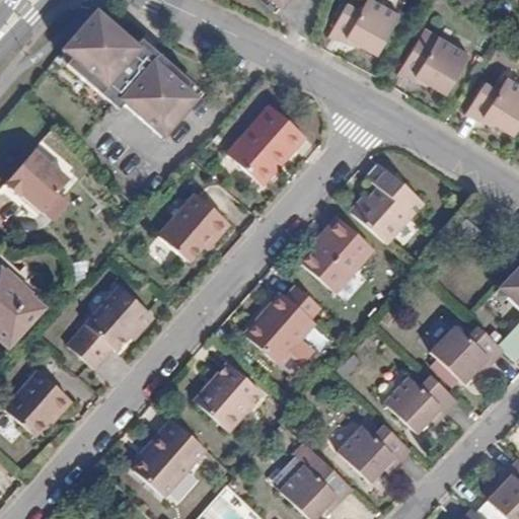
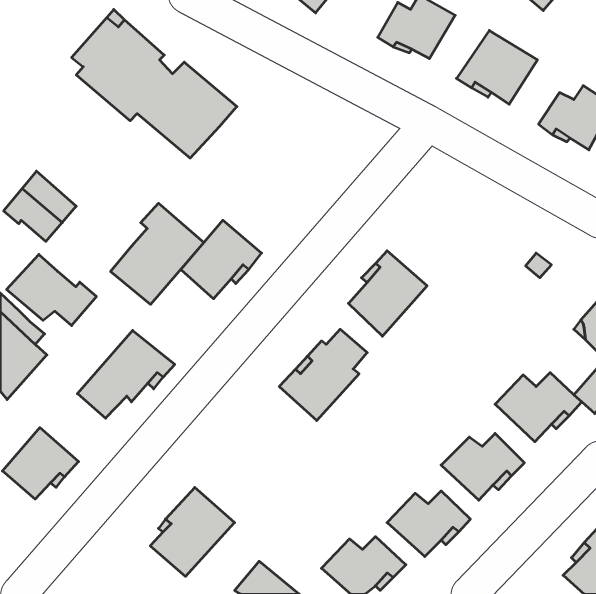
building: [232,102,310,181] -> none
building: [350,163,421,241] -> none
building: none -> [111,203,204,304]
building: none -> [7,254,96,326]
building: [193,366,262,434] -> none

